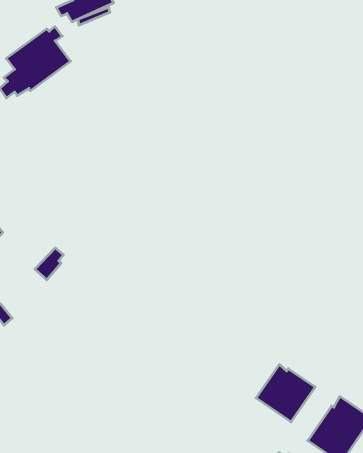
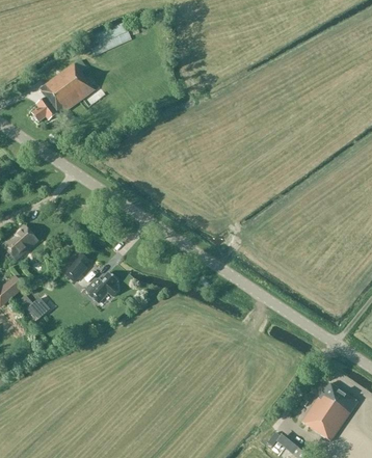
building: none -> [84,272,118,302]
building: [256,365,315,422] -> none

